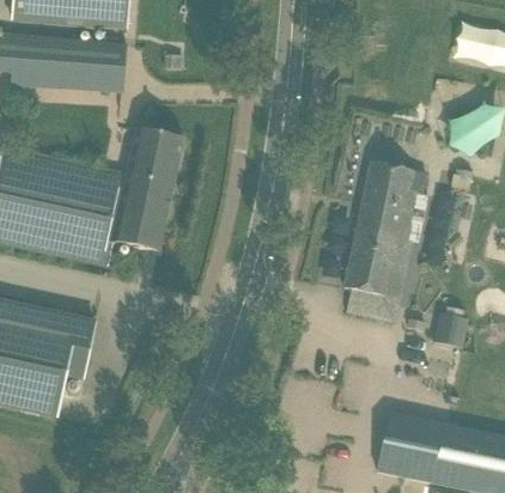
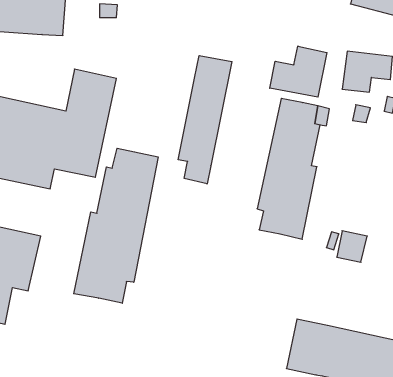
building: none -> [270,46,327,97]
building: none -> [178,56,232,184]
building: none -> [74,148,158,303]

